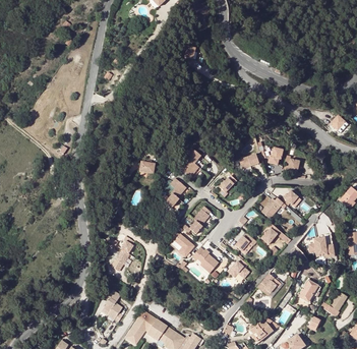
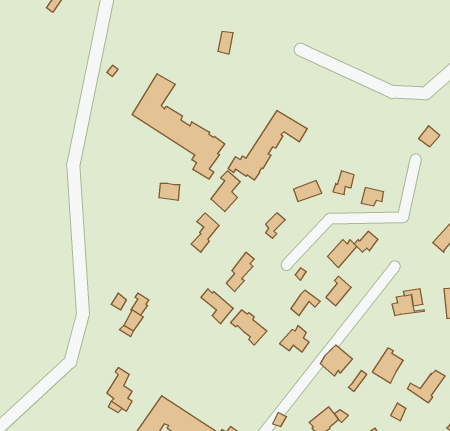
building: none -> [132,74,225,179]
building: none -> [228,110,307,180]

